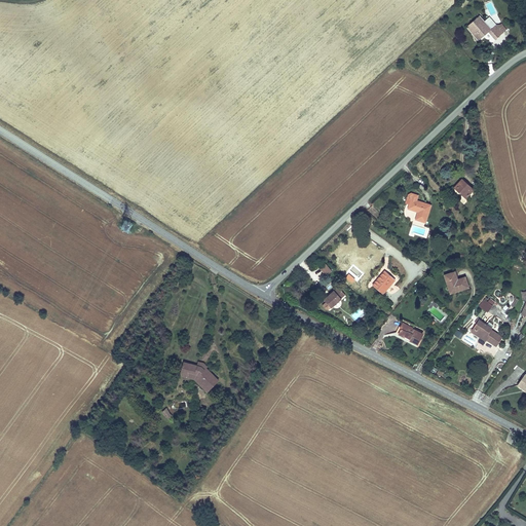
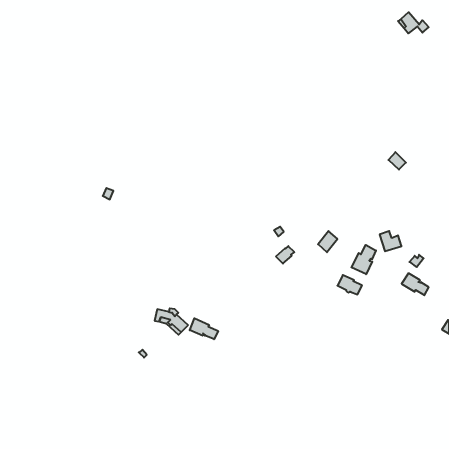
building: [407,193,431,223] -> none
building: none -> [351,245,376,274]
building: none -> [190,318,218,339]

